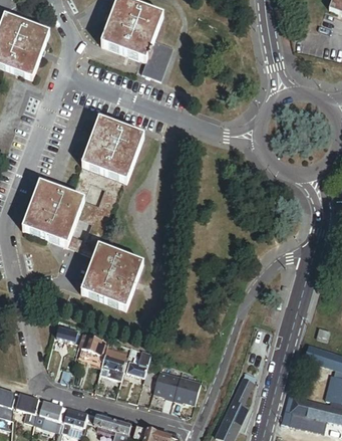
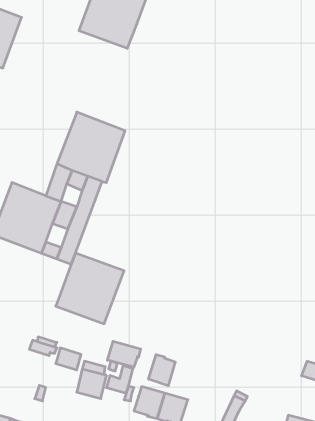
building: [140,39,173,79] -> none
building: none -> [107,341,141,367]
building: none -> [149,355,175,386]

